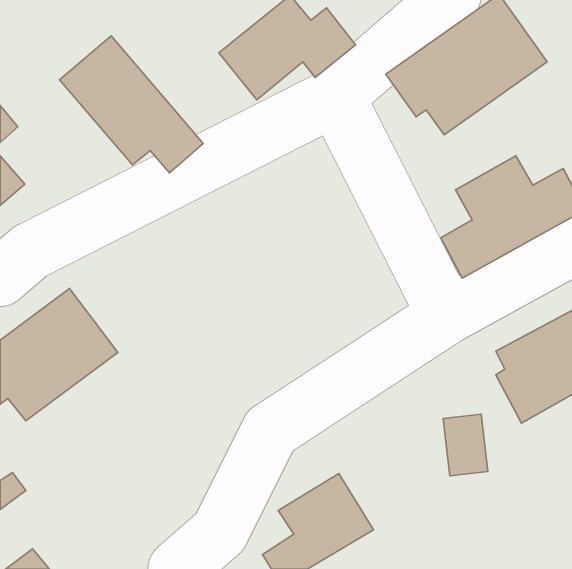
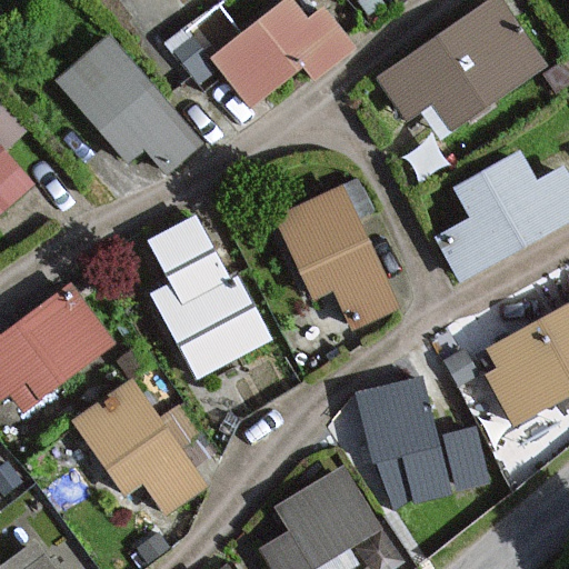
building: none -> [274,188,391,325]
building: none -> [146,216,264,373]
building: none -> [360,380,439,493]
building: none -> [73,387,203,518]

